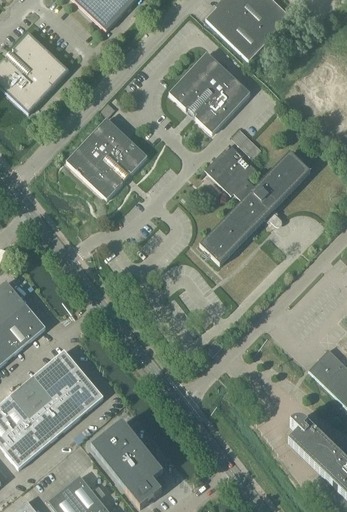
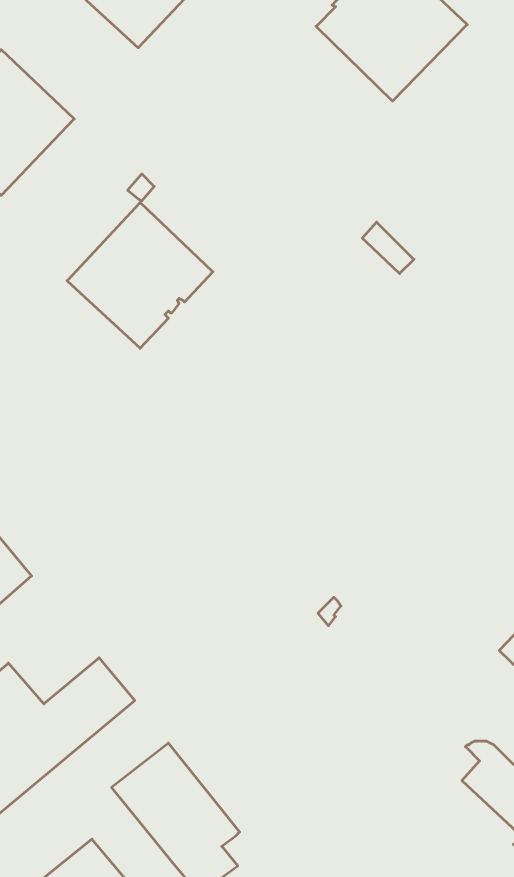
building: [168,51,250,133] -> none
building: [199,143,309,265] -> none
building: [32,350,83,399] -> none

